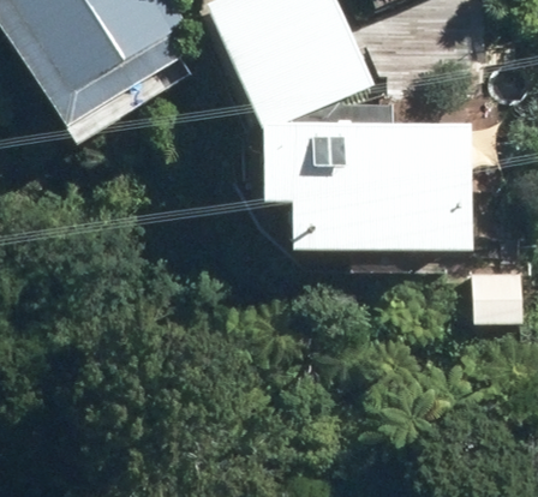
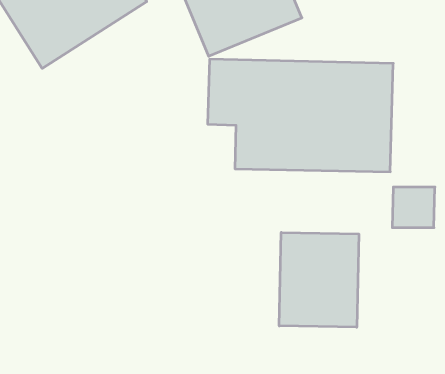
building: none -> [279,232,359,327]

